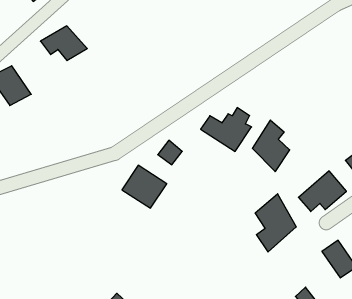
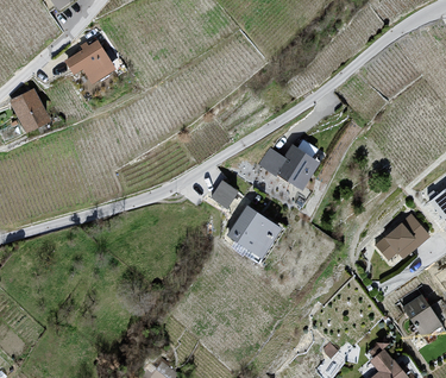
building: [252,120,290,172] -> none
building: [122,165,167,208] -> [227,207,279,257]
building: [255,194,296,252] -> none

